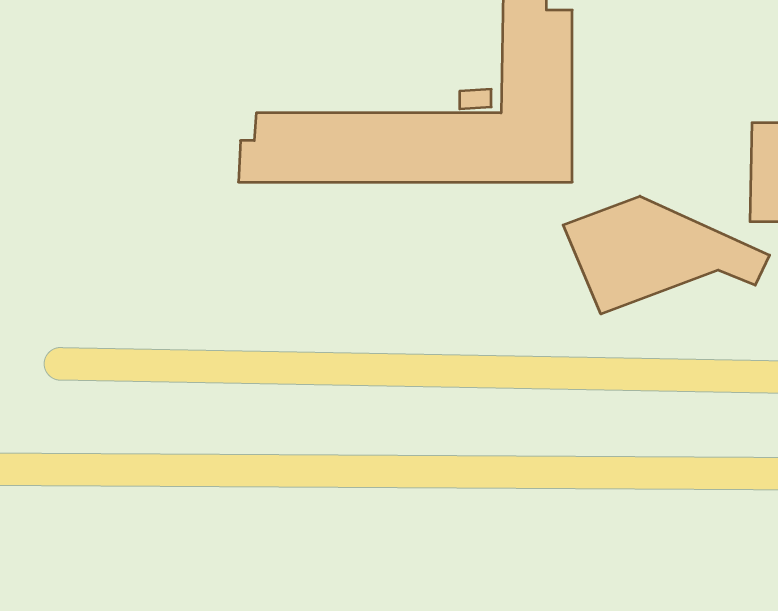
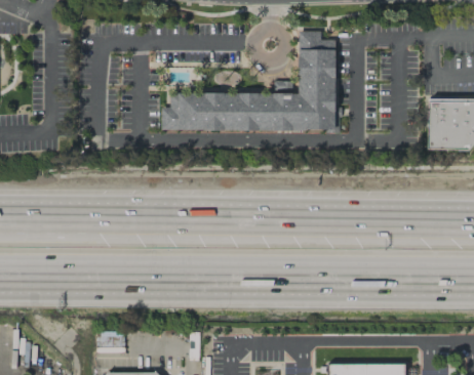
building: [563,196,770,314] -> none

